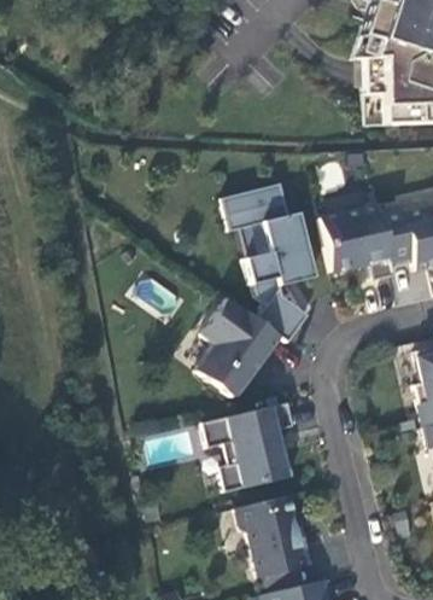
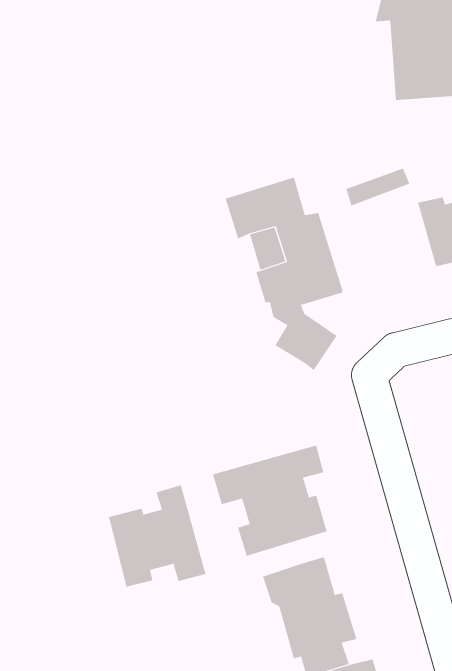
building: [320,204,394,281] -> none
building: [195,297,280,396] -> none
building: none -> [109,485,206,588]

